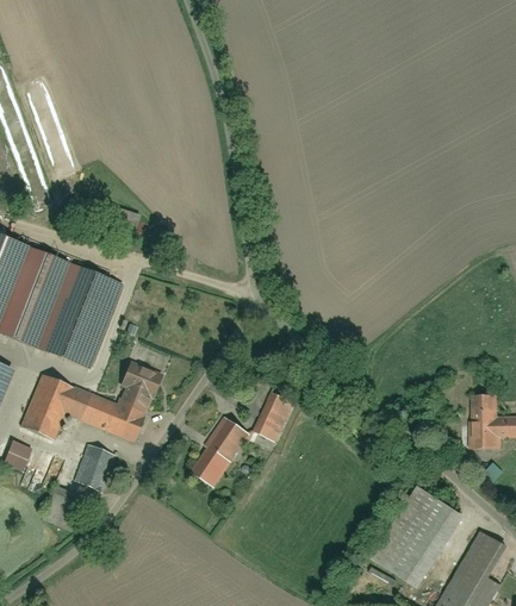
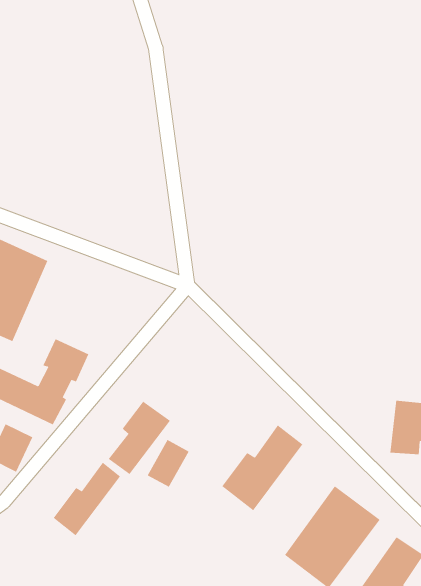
building: [253,393,293,441] -> [147,439,189,488]
building: none -> [222,425,303,511]
building: none -> [53,462,121,536]

